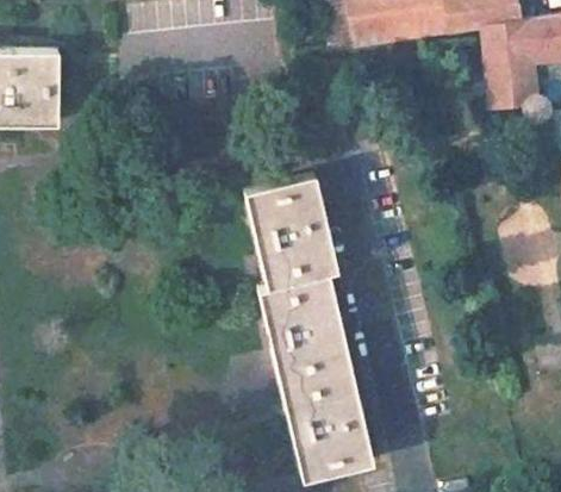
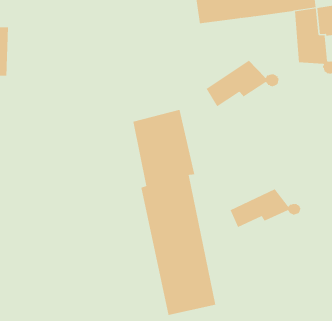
building: none -> [206,60,279,107]
building: none -> [230,189,301,228]

